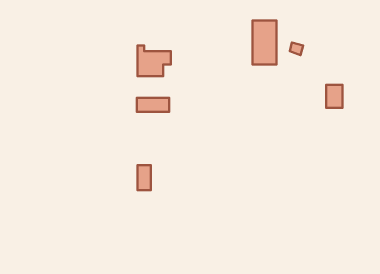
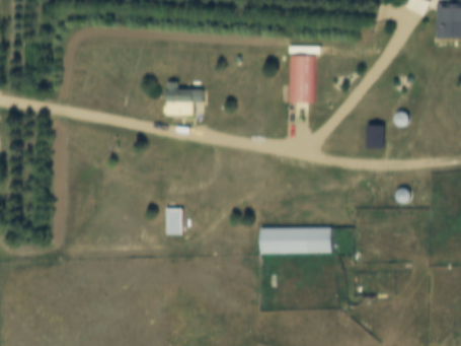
building: [137,98,169,112] -> none
building: none -> [261,227,331,253]

